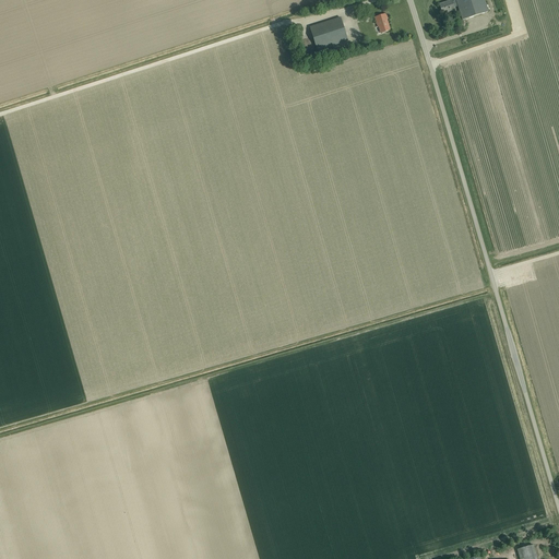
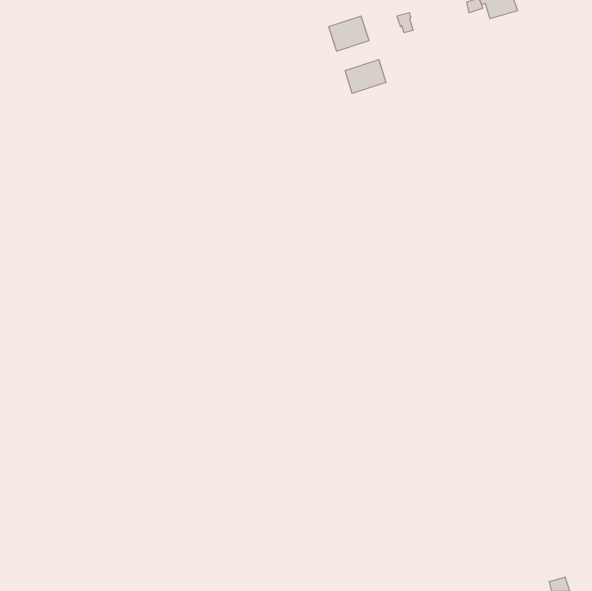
building: none -> [345,60,386,93]

